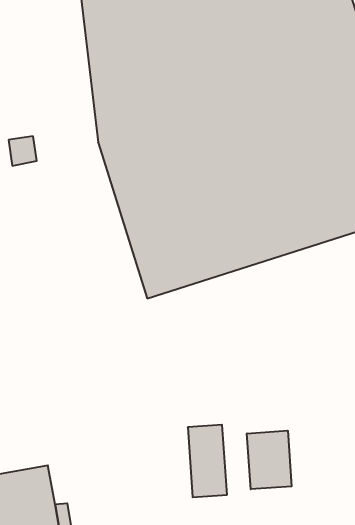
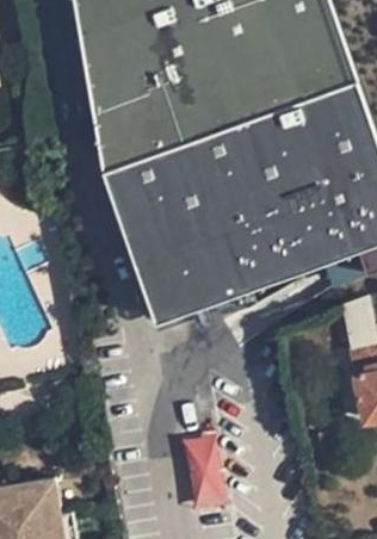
building: [247,431,292,489] -> none

